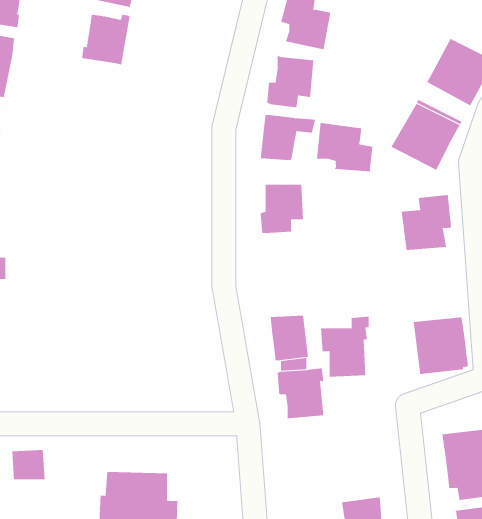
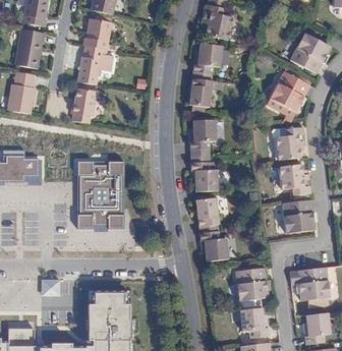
building: none -> [76,44,109,83]
building: [316,122,373,172] -> none
building: none -> [70,87,96,122]
building: none -> [78,161,124,225]
building: none -> [278,164,310,194]
building: [320,316,370,377] -> [190,154,220,190]
building: none -> [234,267,268,300]

